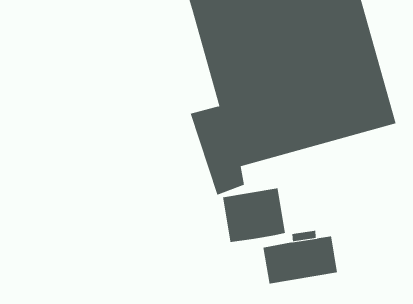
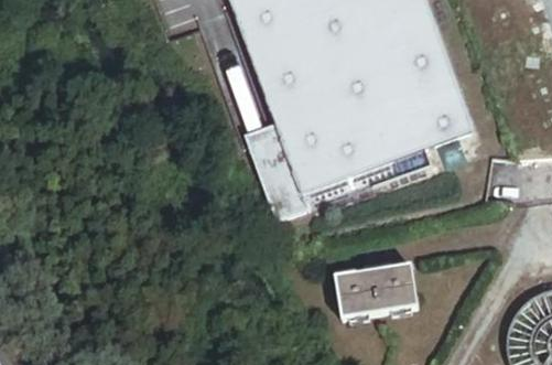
building: [222,188,286,243] -> none

